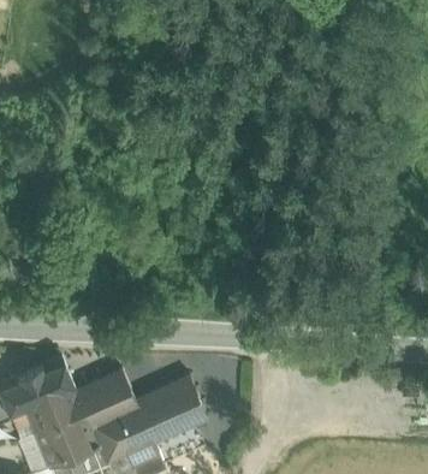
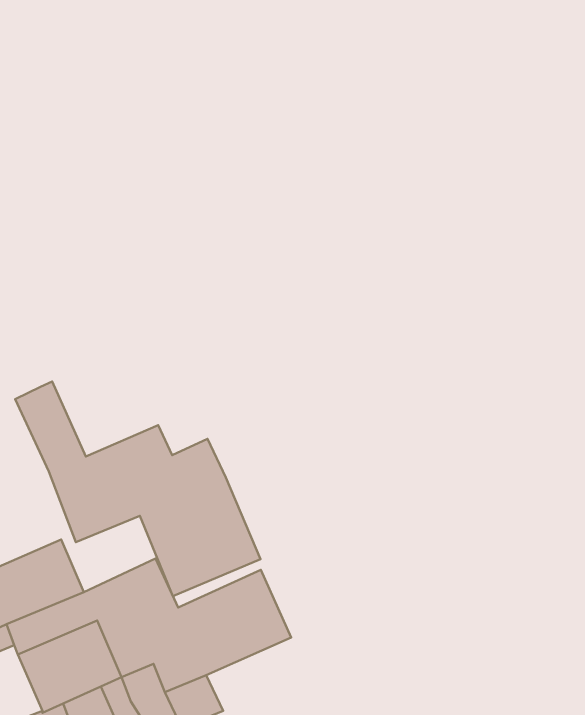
building: none -> [15,381,260,596]

